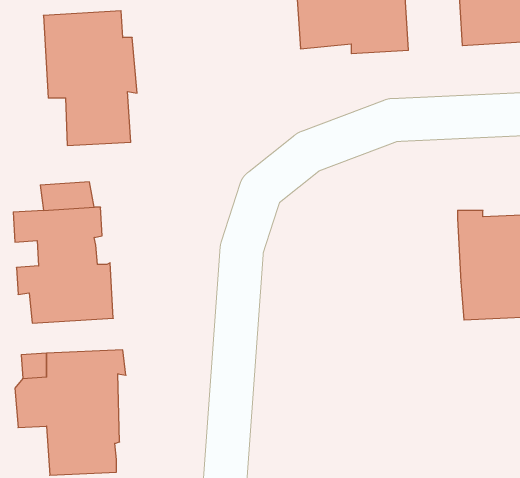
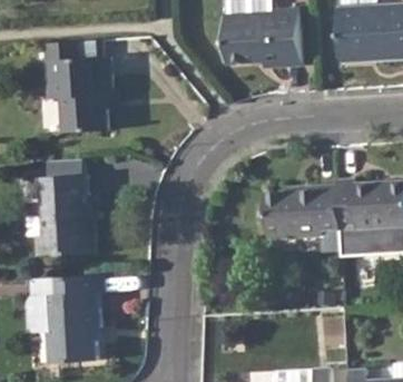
building: none -> [265,184,338,237]

